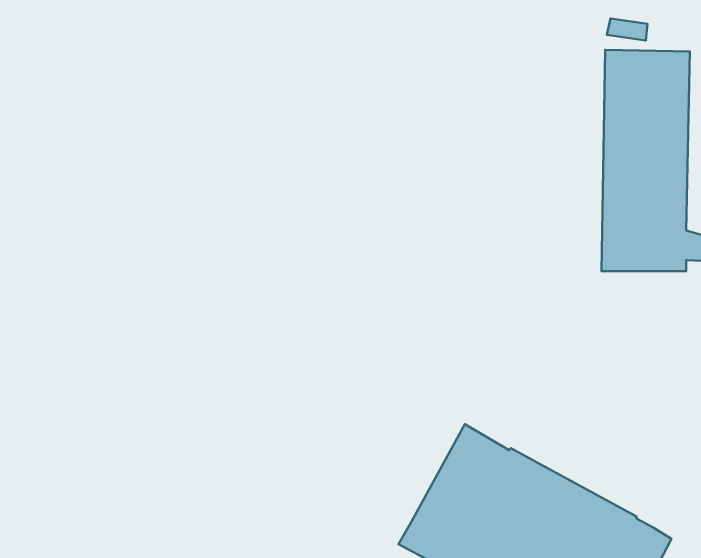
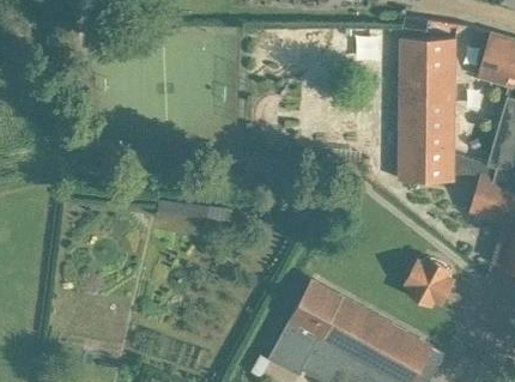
building: none -> [407,256,450,302]

